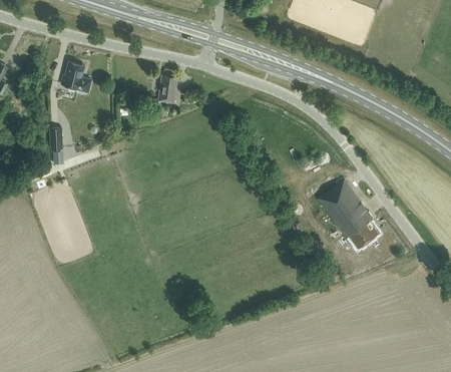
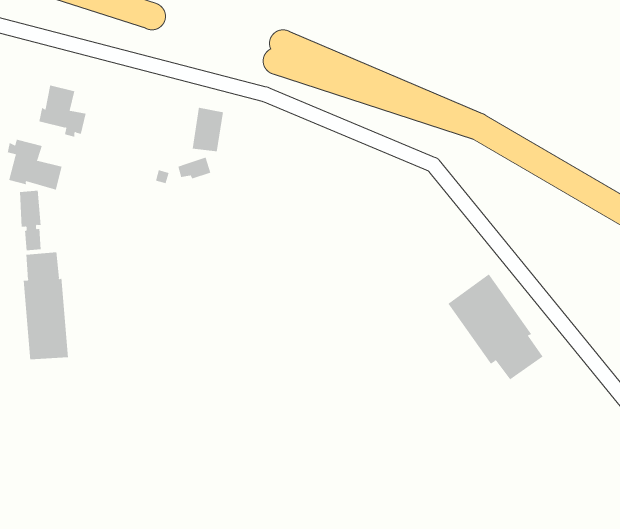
building: none -> [7,139,62,190]
building: none -> [23,252,69,360]

